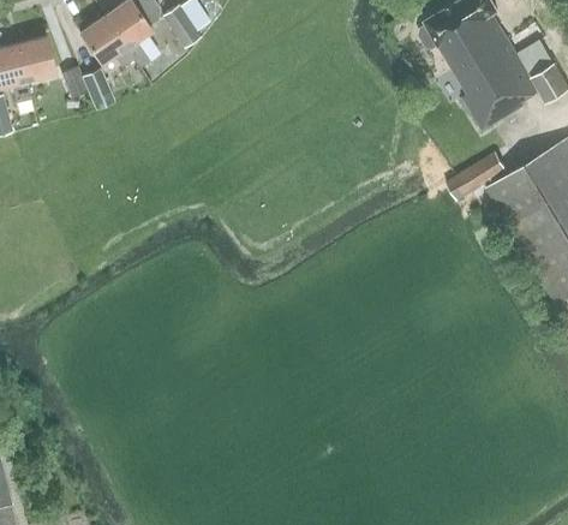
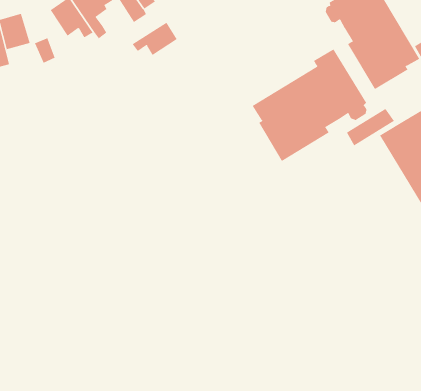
building: none -> [132,22,178,56]
building: [82,67,114,108] -> none
building: none -> [252,48,367,162]

